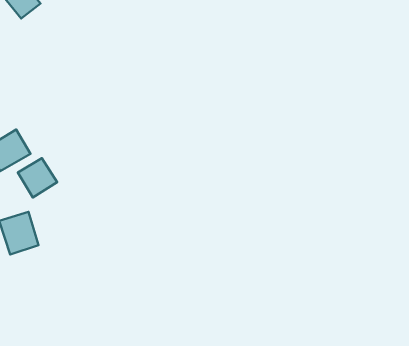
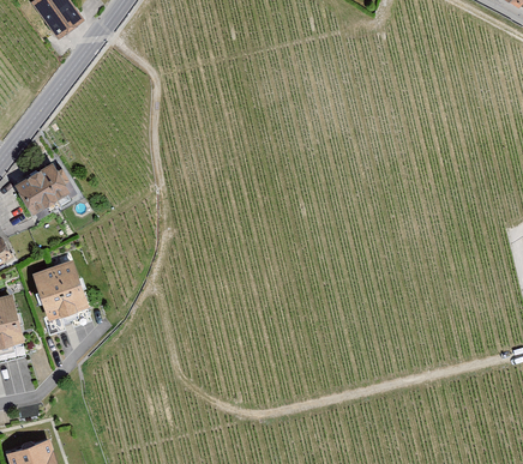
building: [18,158,57,197] -> none

